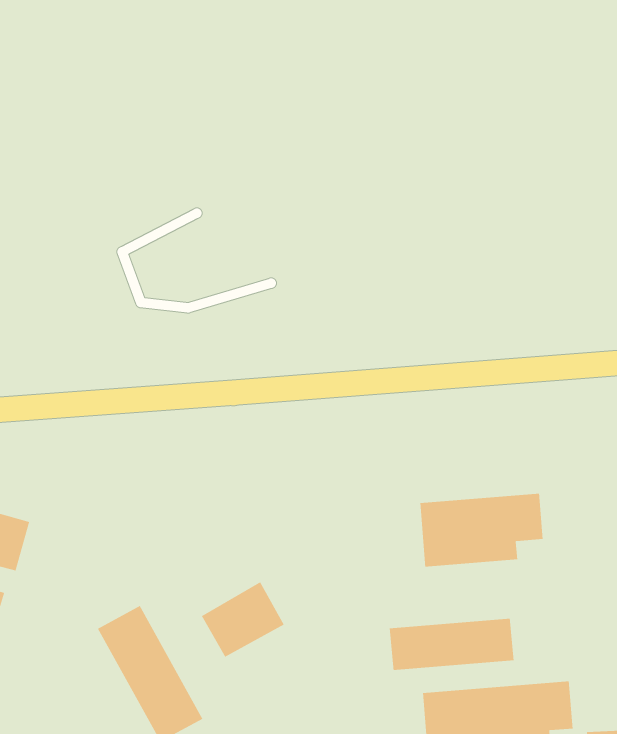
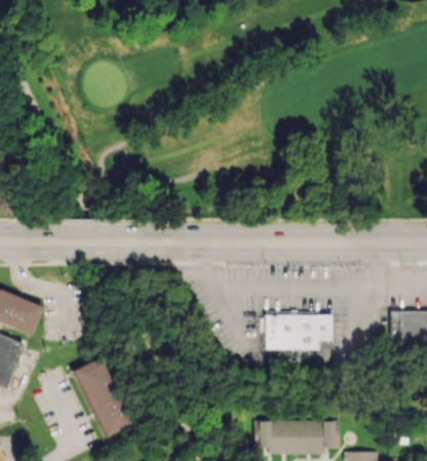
building: [201,581,285,658] -> none
building: [389,618,515,671] -> none

